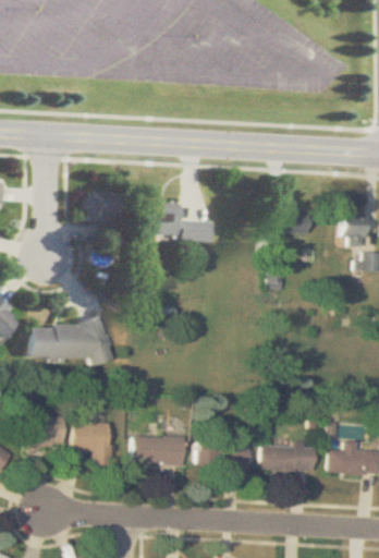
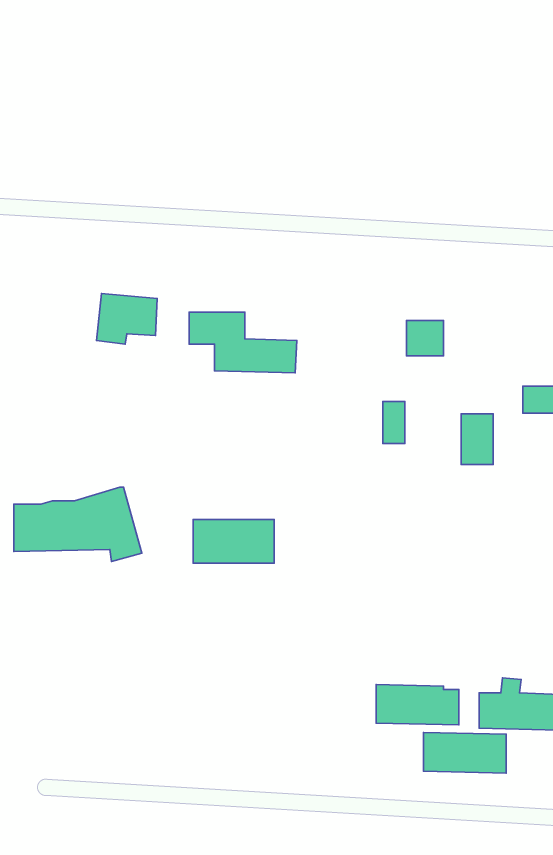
building: [343,213,364,245] -> [461,414,493,464]
building: [26,415,65,448] -> none
building: [74,422,112,452] -> none
building: [135,436,187,464] -> [193,519,274,563]
building: [198,442,252,469] -> [424,733,506,773]

